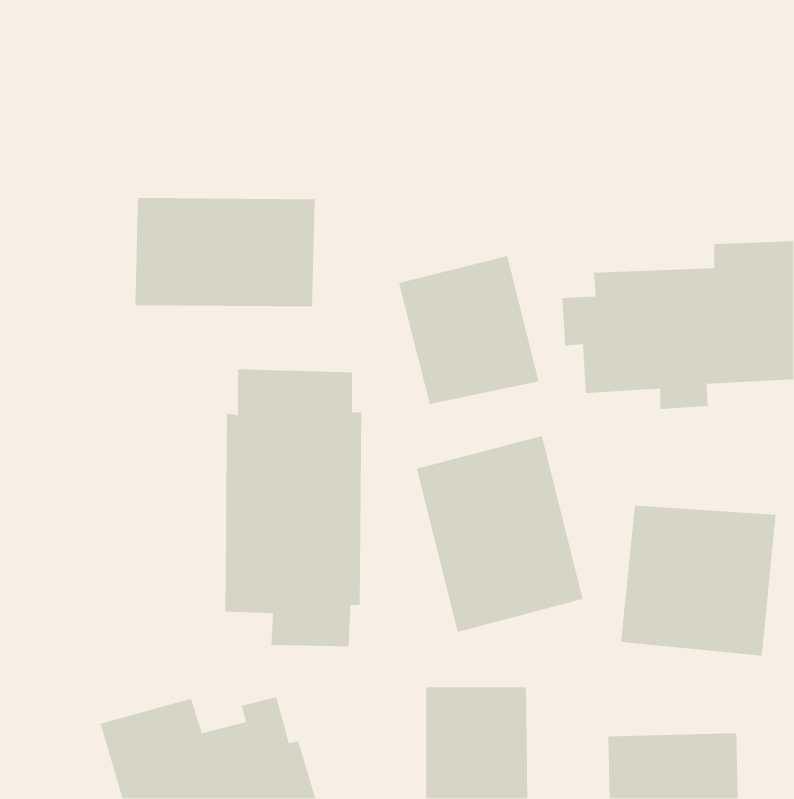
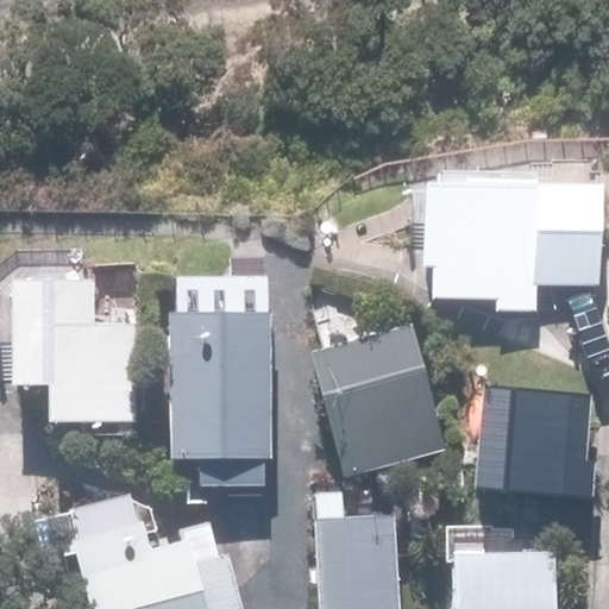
building: [135,197,315,307] -> none
building: [398,255,539,405] -> none
building: none -> [14,284,133,423]

